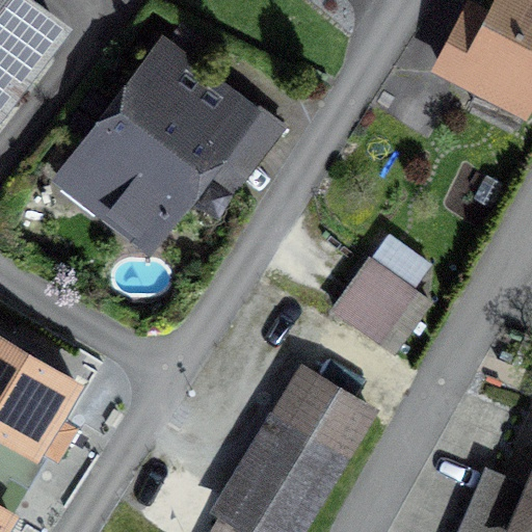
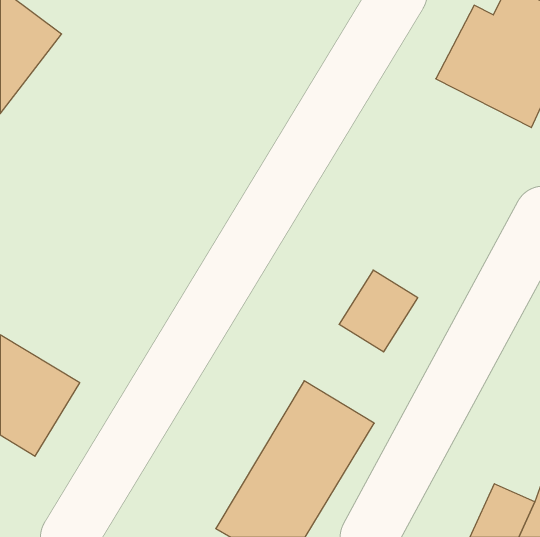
building: [53,39,257,256] -> none

